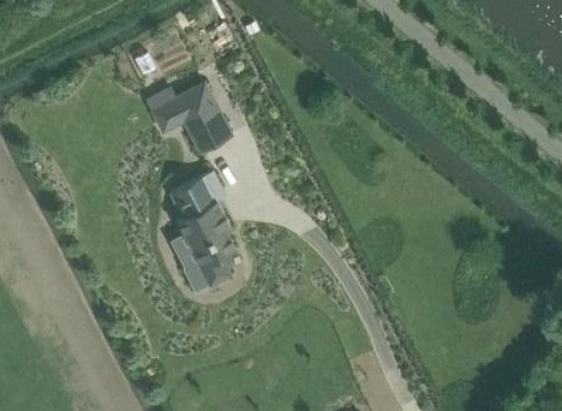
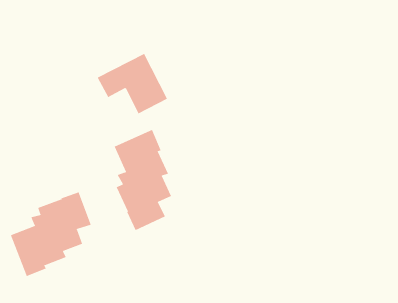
building: none -> [10,191,92,277]

